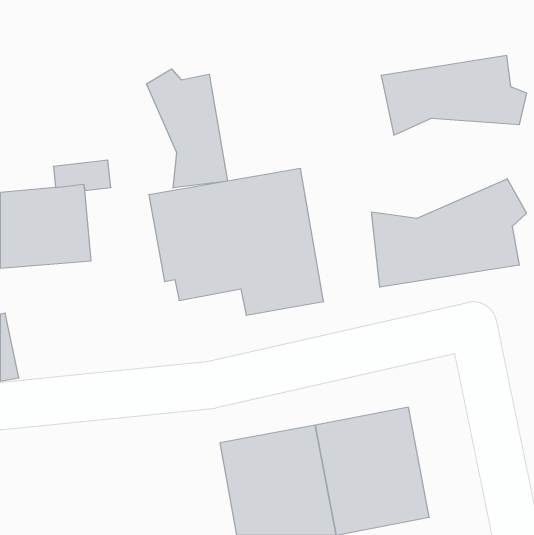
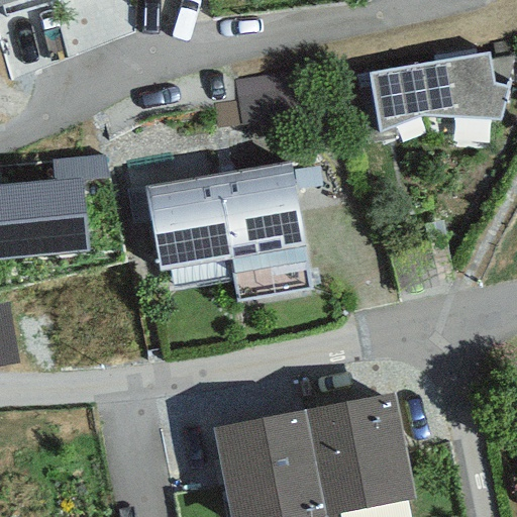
building: [147,69,228,188] -> none
building: [371,179,526,287] -> none

